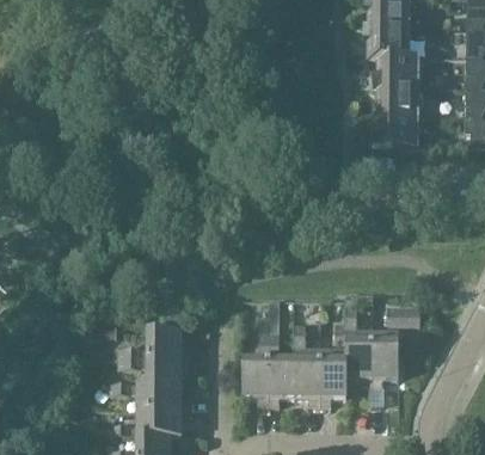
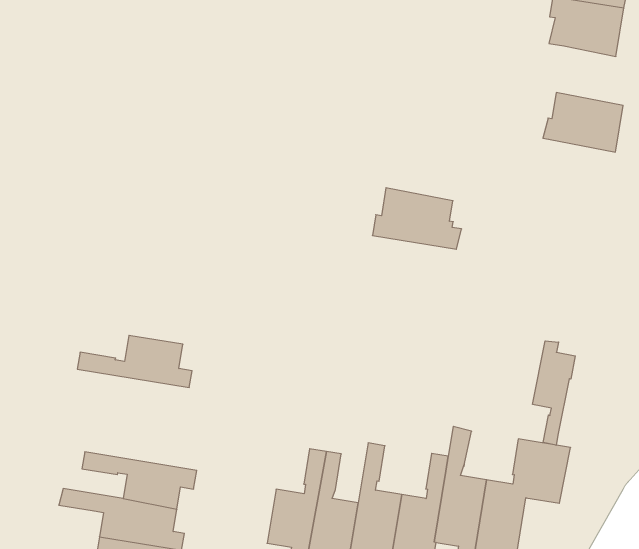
building: [373,54,418,85] -> none
building: [372,113,426,145] -> [372,188,462,249]
building: none -> [533,341,575,445]
building: [118,330,190,356] -> [77,335,192,387]

